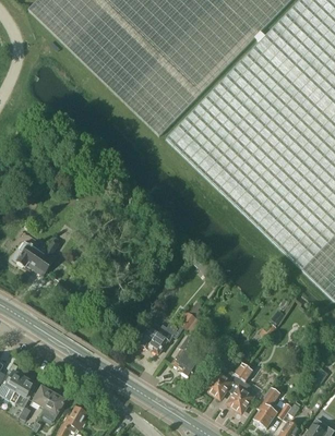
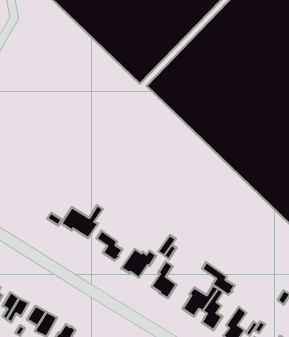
building: [12,238,59,275] -> [61,205,103,238]
building: none -> [96,230,123,261]
building: none -> [202,262,235,295]

